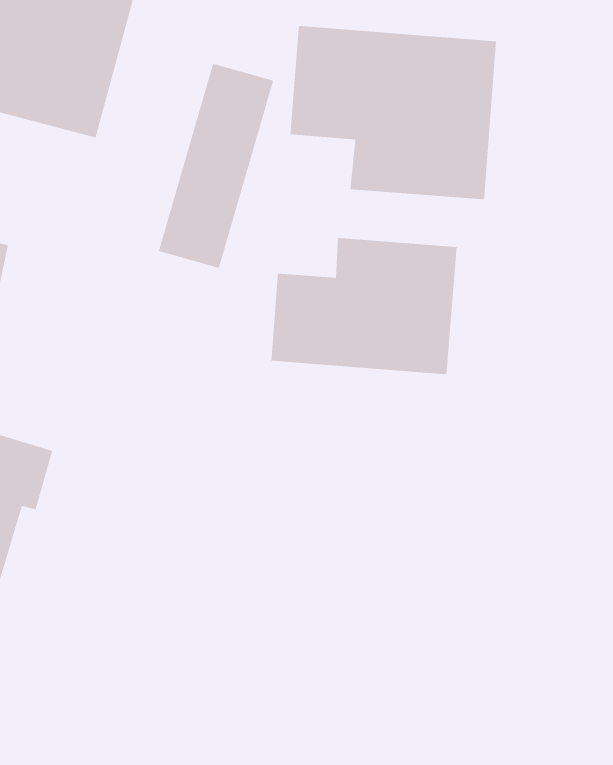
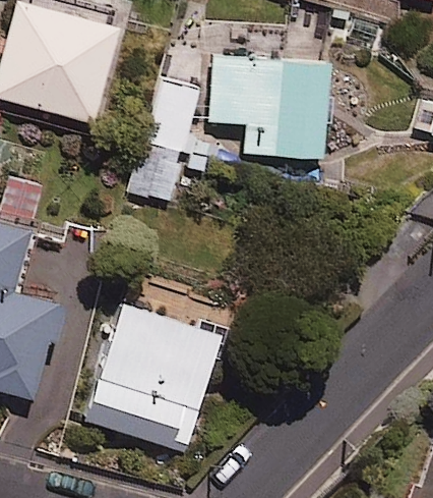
building: [270,237,457,375] -> none
building: none -> [82,302,220,450]

